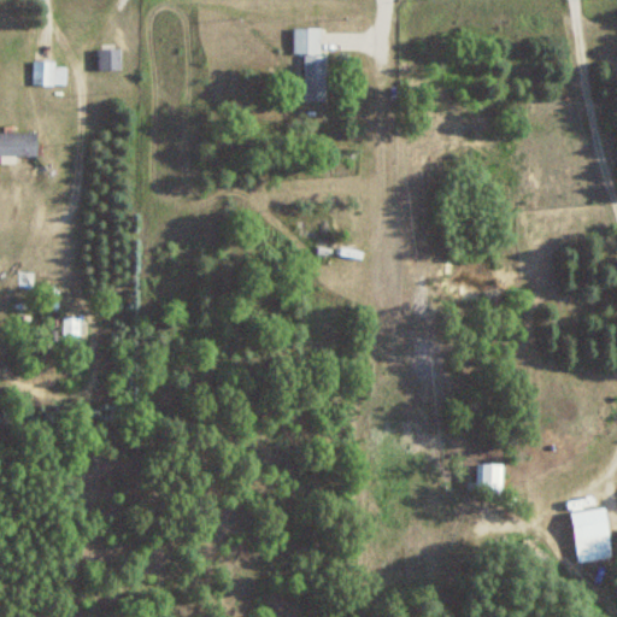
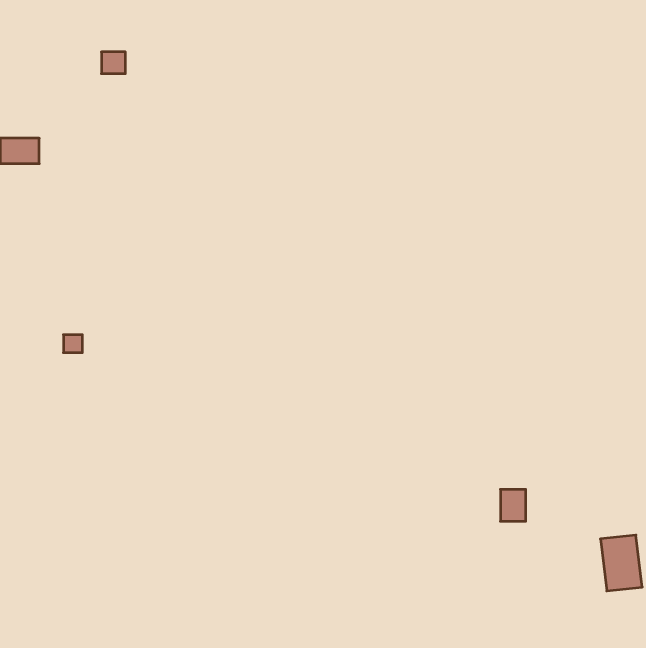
building: [294,29,324,101] -> none
building: [33,63,65,84] -> none

